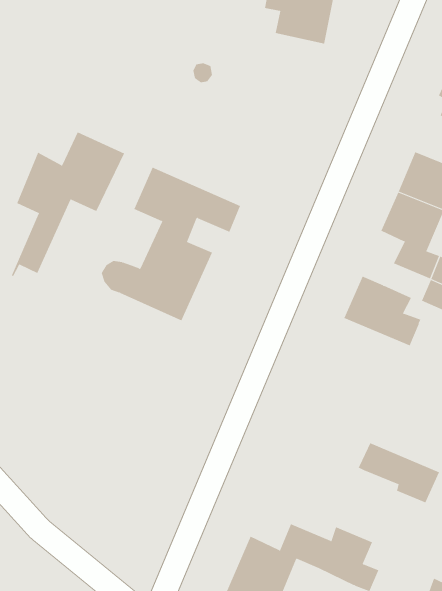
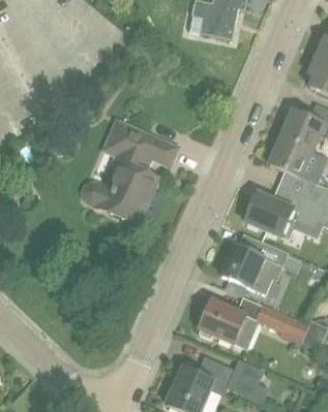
building: [11,131,125,276] -> none
building: none -> [220,241,300,293]
building: none -> [198,300,245,344]

